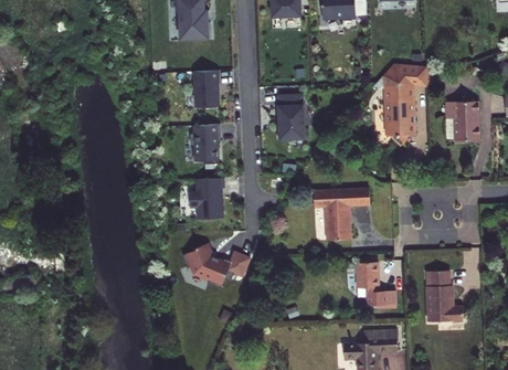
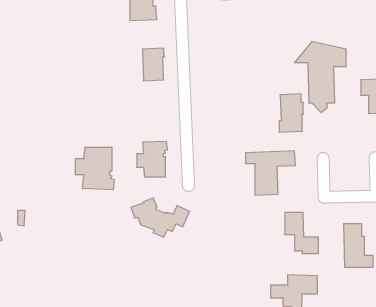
building: [276,96,304,140] -> [279,94,303,132]
building: [191,125,221,161] -> none
building: none -> [75,147,114,190]

